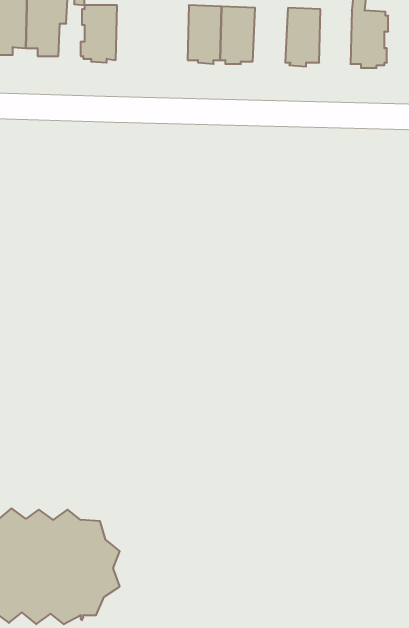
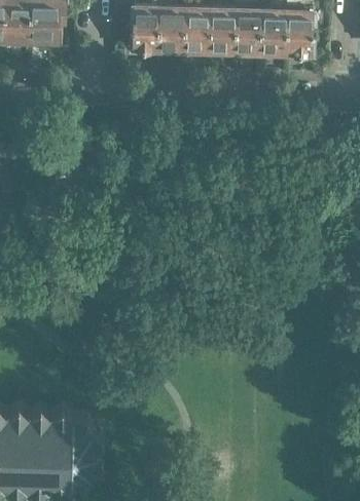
building: [81,5,117,63] -> [128,9,156,54]
building: none -> [207,11,235,56]
building: none -> [259,12,285,57]

